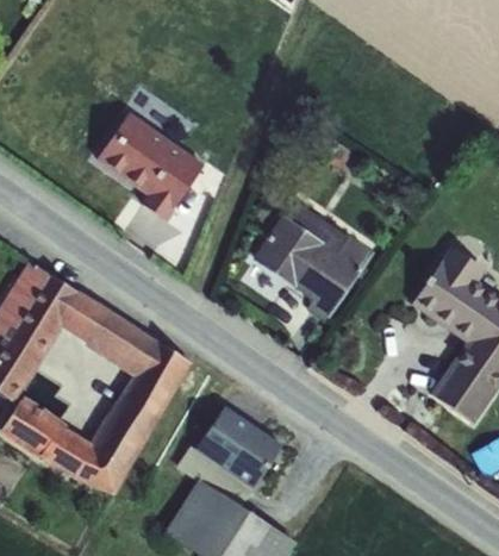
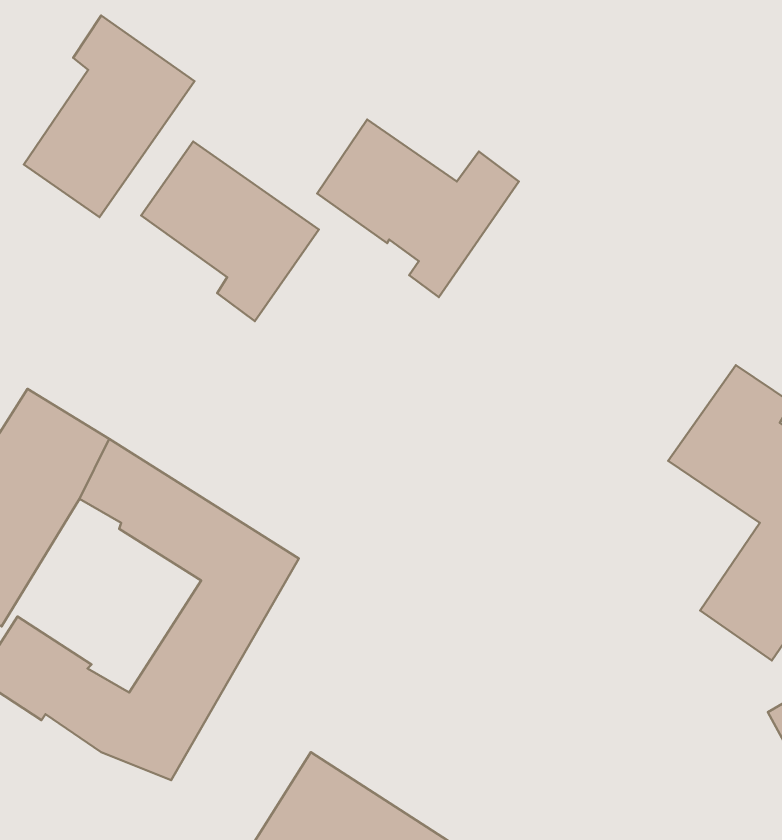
building: none -> [24,15,195,217]
building: [254,214,374,320] -> [317,120,519,297]
building: [195,406,282,488] -> none

